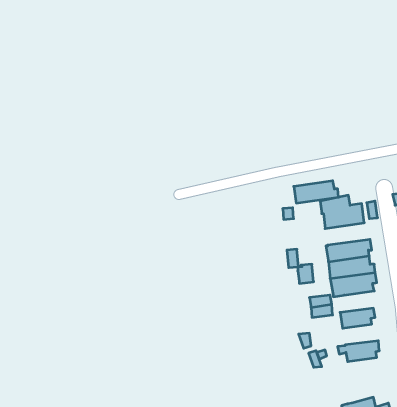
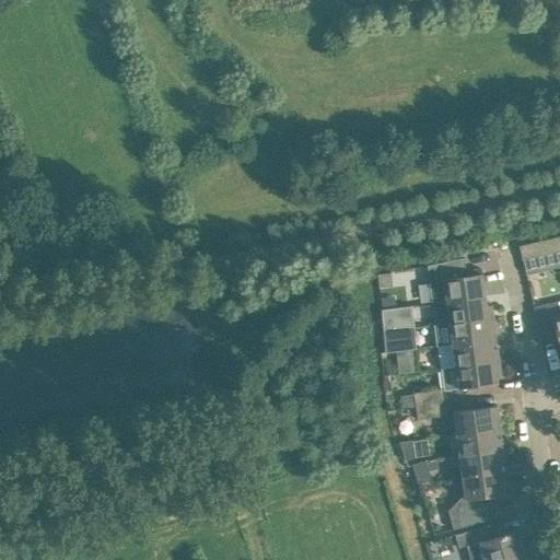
building: [294,181,339,203] -> [434,294,493,324]
building: none -> [382,307,415,330]
building: none -> [457,428,504,455]
building: none -> [450,471,506,530]

